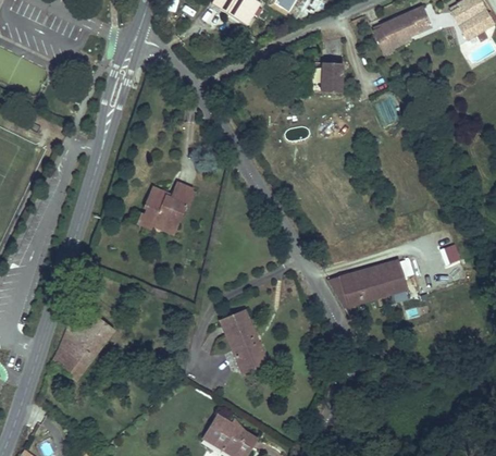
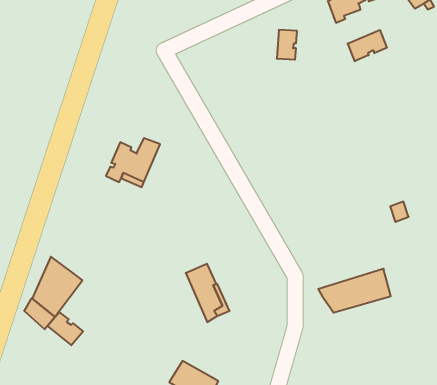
building: none -> [348,30,387,61]
building: [330,260,407,307] -> [318,269,391,313]
building: none -> [48,312,83,345]

